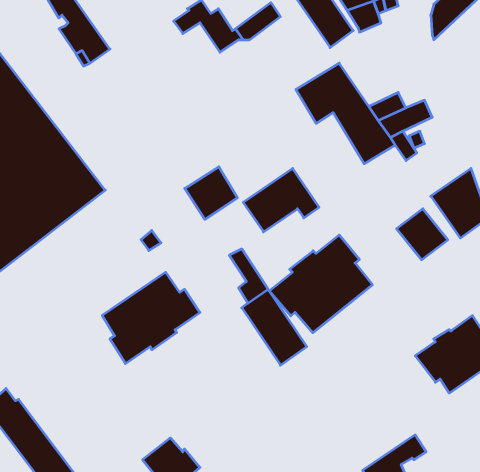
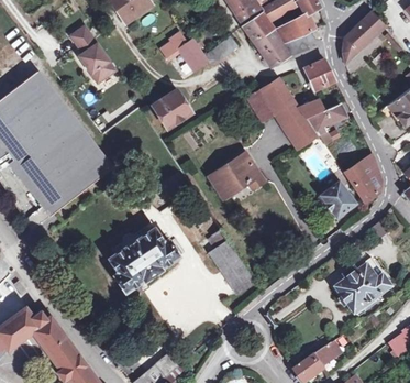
building: none -> [303,59,335,90]
building: [185,167,237,219] -> [153,90,190,128]
building: [269,235,372,333] -> none

